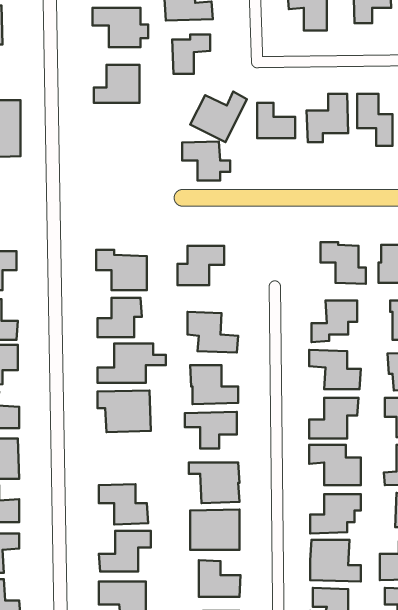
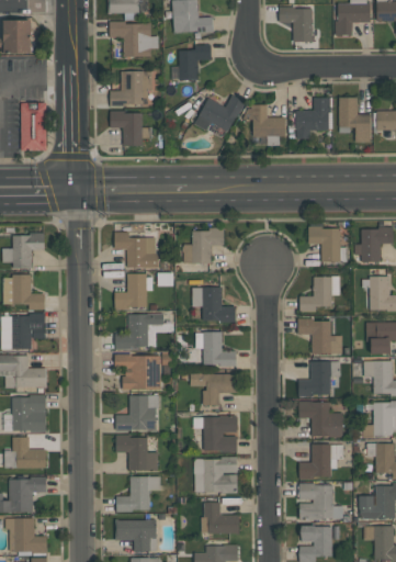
building: [182,141,230,181] -> [110,112,151,146]
building: none -> [115,395,157,430]

